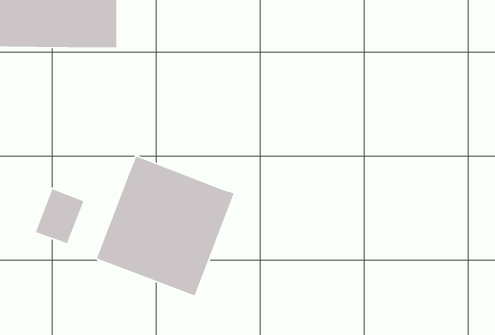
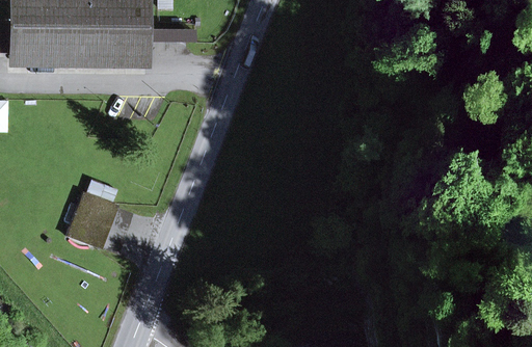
building: [96,155,235,297] -> none

